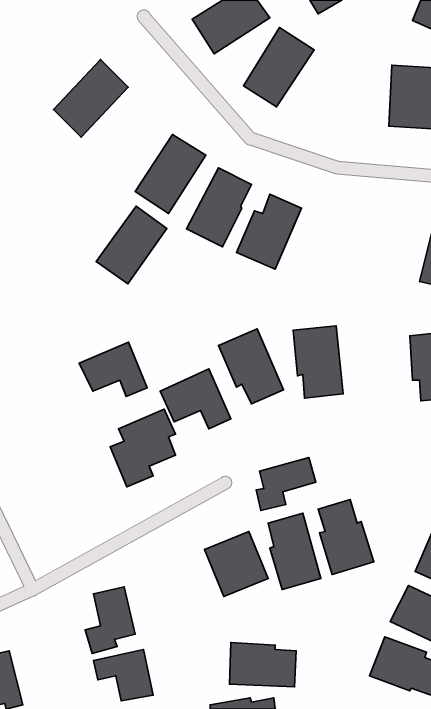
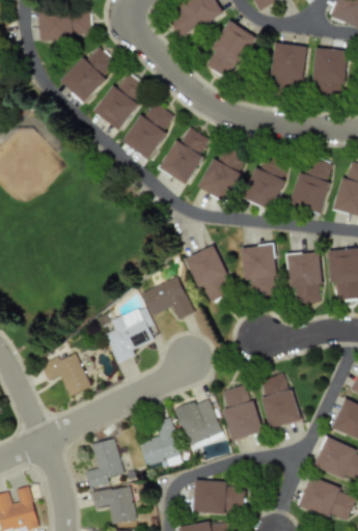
building: none -> [38,7,90,39]
building: none -> [270,43,306,91]
building: [96,206,167,284] -> [94,72,147,130]
building: none -> [243,155,290,209]
building: none -> [291,157,332,214]
building: none -> [286,252,321,304]
building: [79,342,147,397] -> none
building: [256,457,316,510] -> none
building: none -> [39,353,90,397]
building: none -> [140,419,181,470]

